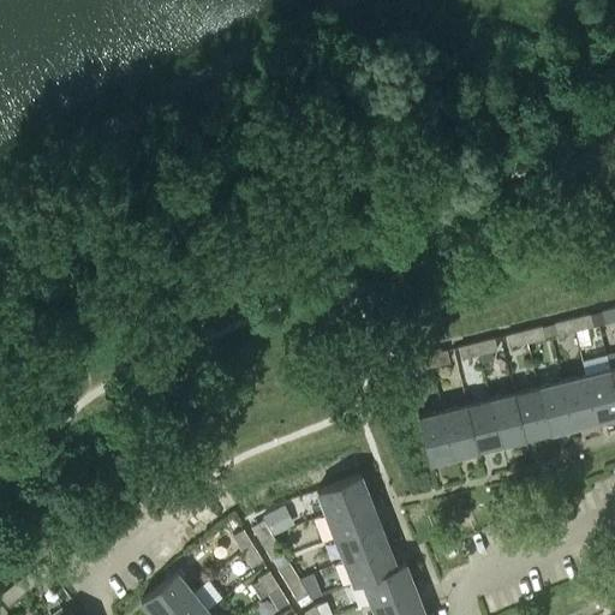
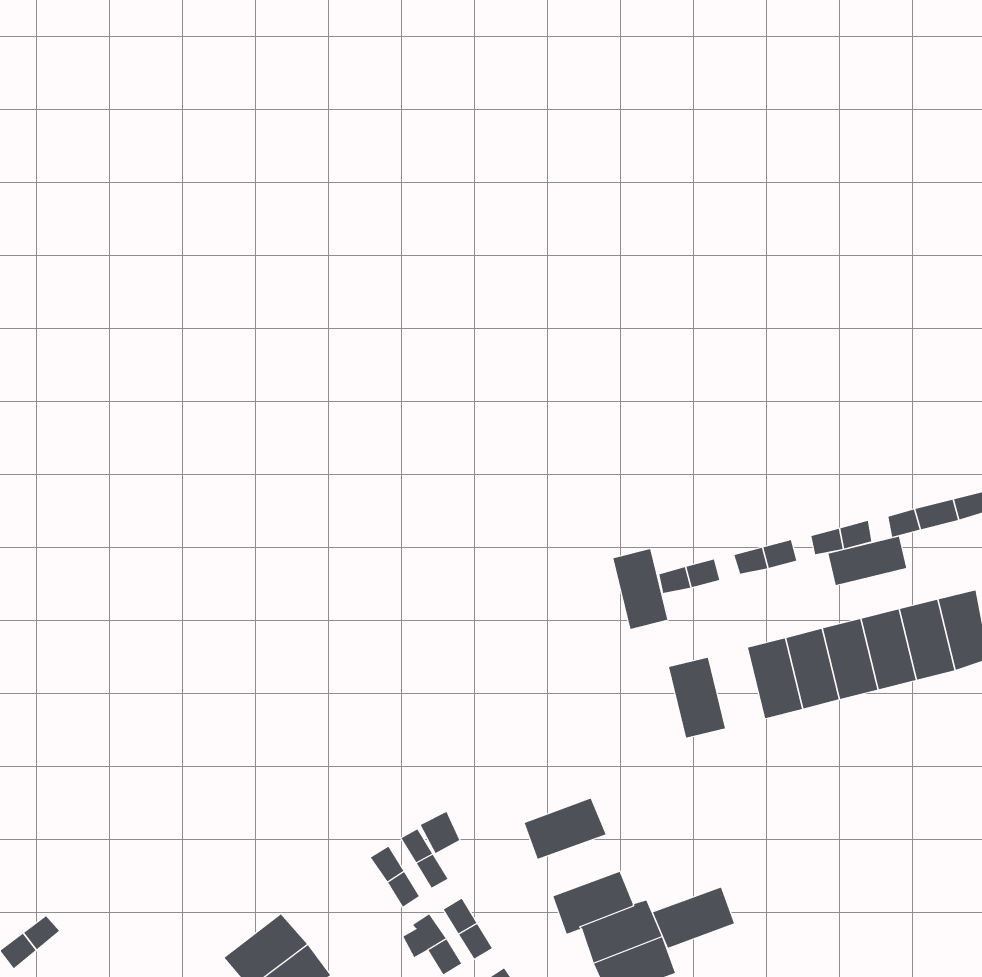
building: none -> [828,536,907,586]
building: [443,408,478,459] -> [612,549,668,629]
building: [318,478,370,518] -> none
building: [336,525,388,563] -> [652,887,735,949]

